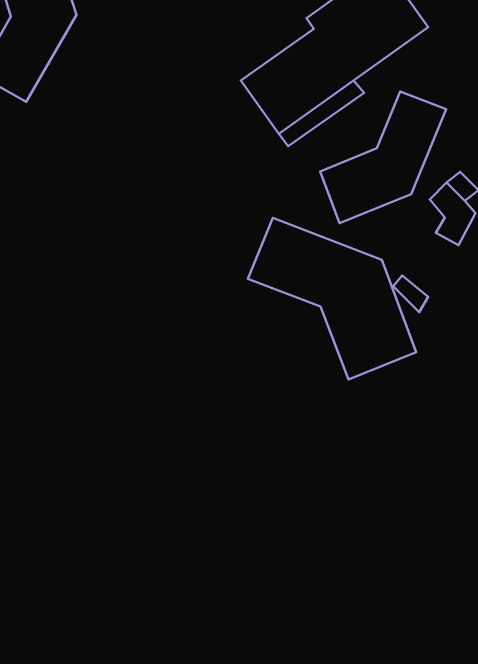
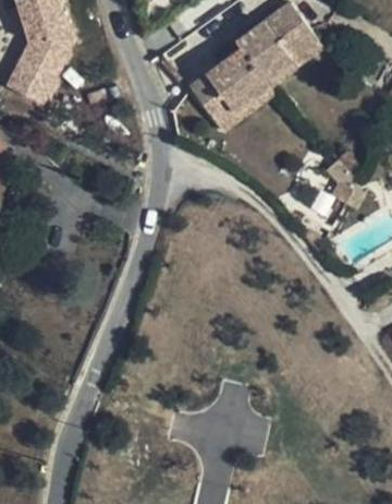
building: [320,92,446,223] -> none
building: [248,218,416,379] -> none

